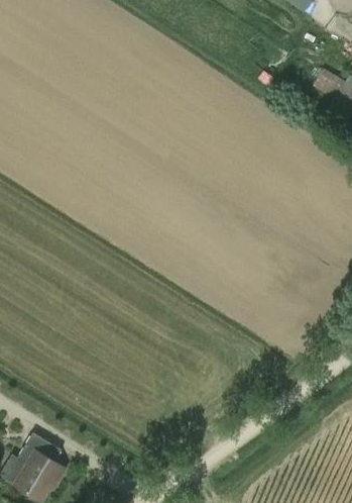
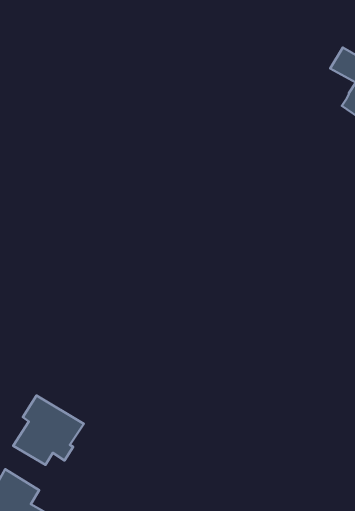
building: none -> [13,395,84,465]

